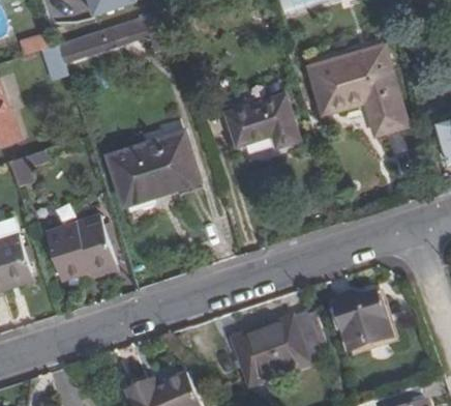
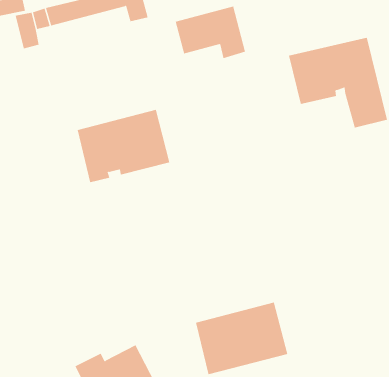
building: [228,96,298,148] -> [175,6,246,59]
building: [46,223,117,282] -> none
building: [340,292,396,348] -> none

